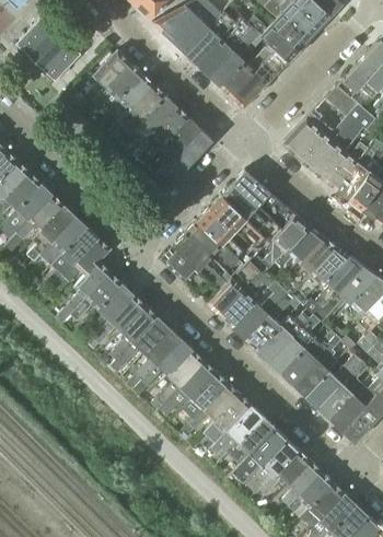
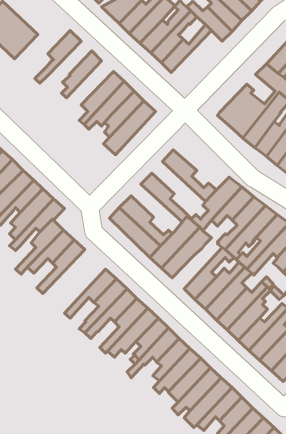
building: [230,49,287,108] -> none
building: [92,61,141,107] -> none
building: [107,83,165,136] -> none
building: [232,170,294,227] -> none
building: [208,196,268,253] -> none
building: [185,221,237,268] -> none
building: [231,281,287,338] -> none
building: [86,294,156,360] -> none

